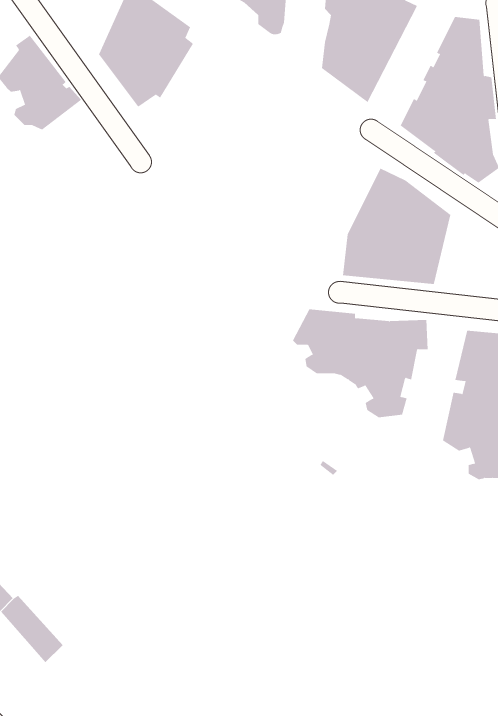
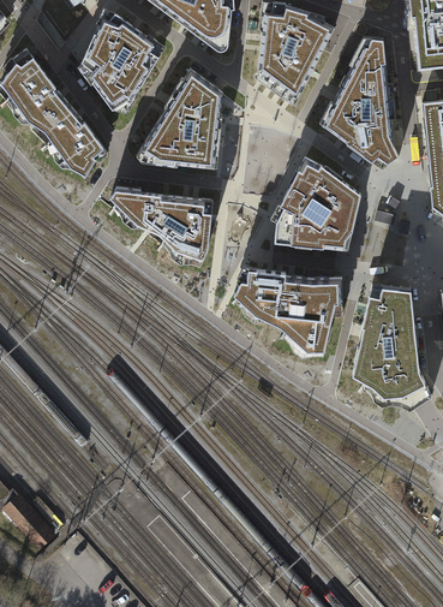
building: none -> [136,70,222,168]
building: none -> [36,102,102,175]
building: none -> [110,188,211,264]

